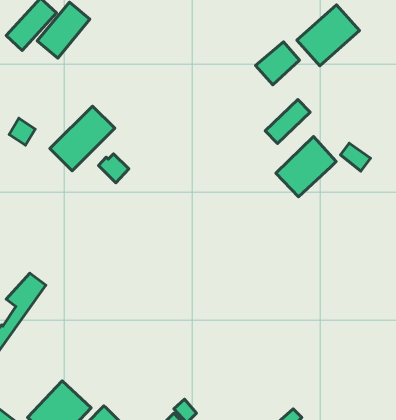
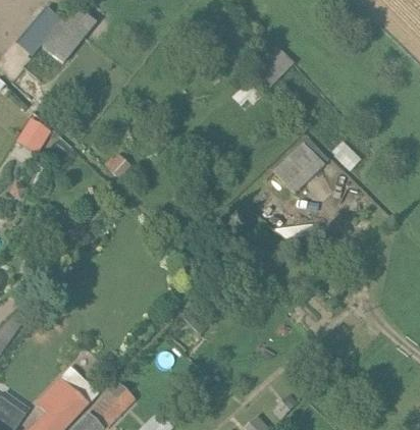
building: [297,5,360,66] -> none
building: [265,100,310,143] -> none
building: [50,106,115,171] -> none

